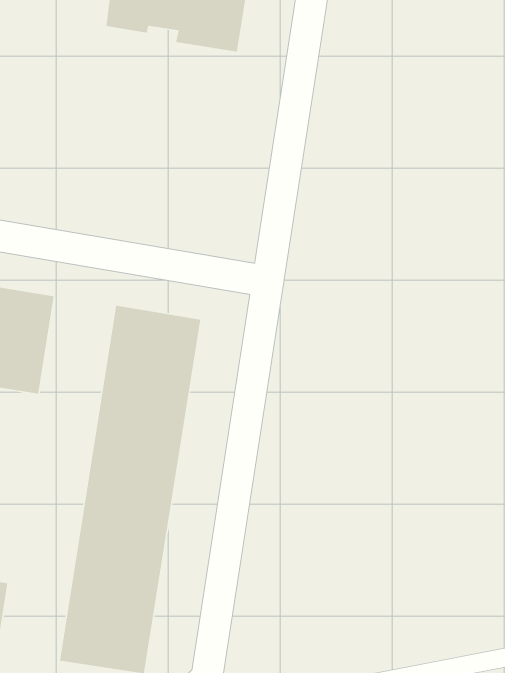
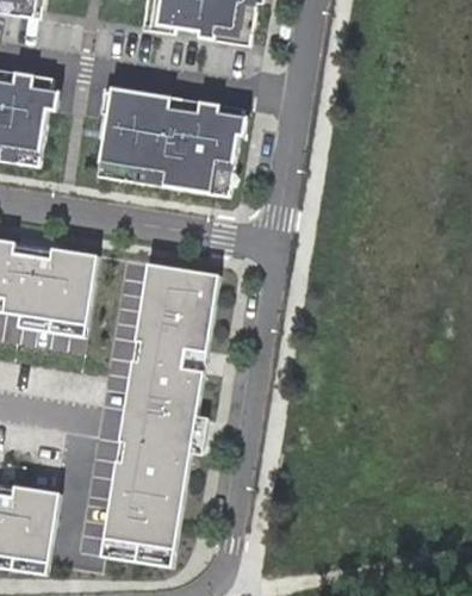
building: none -> [94,86,244,195]

